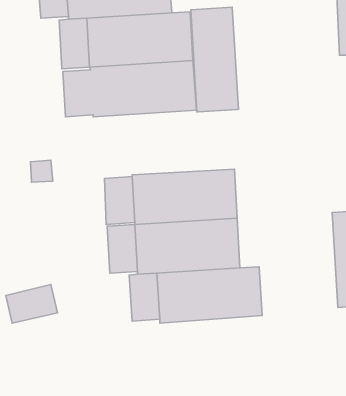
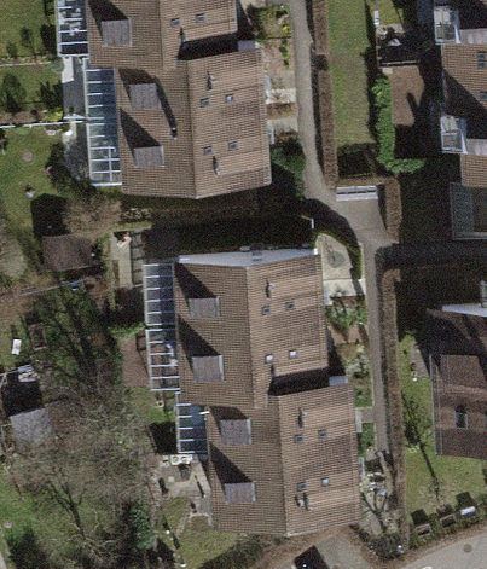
building: [191,7,239,112] -> none
building: none -> [218,452,355,526]

